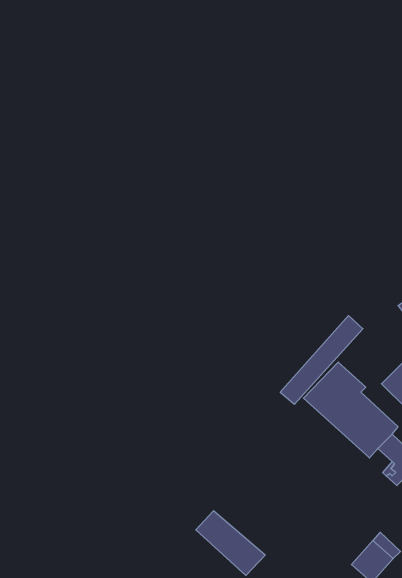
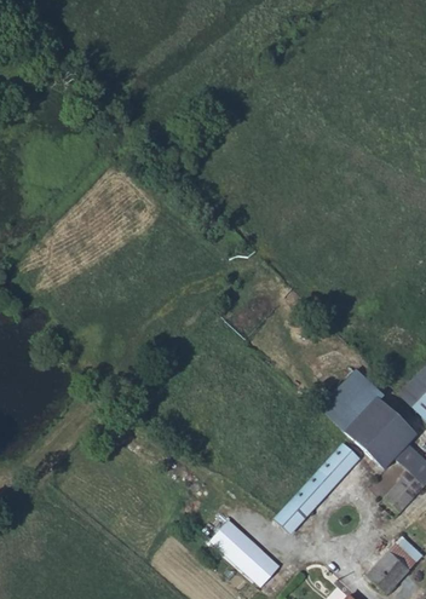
building: [280,316,363,404] -> [275,443,358,532]

